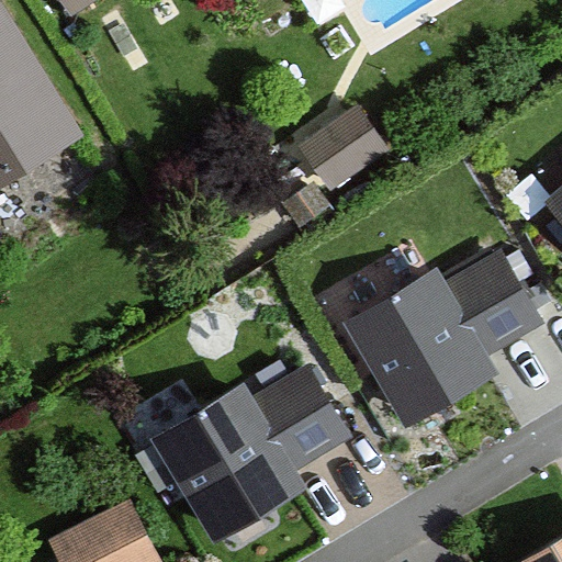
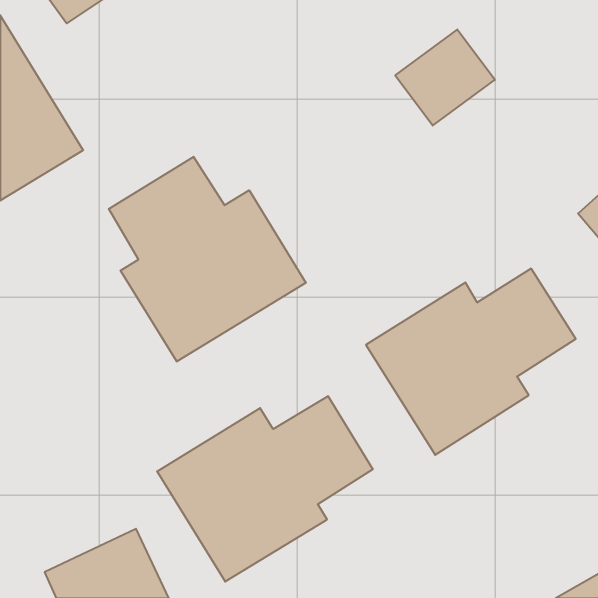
building: [292,108,385,198] -> [395,29,495,126]
building: none -> [109,157,306,362]

